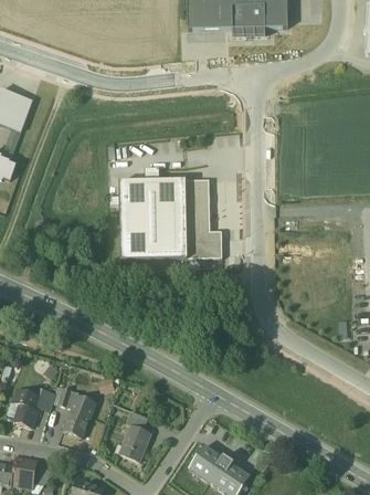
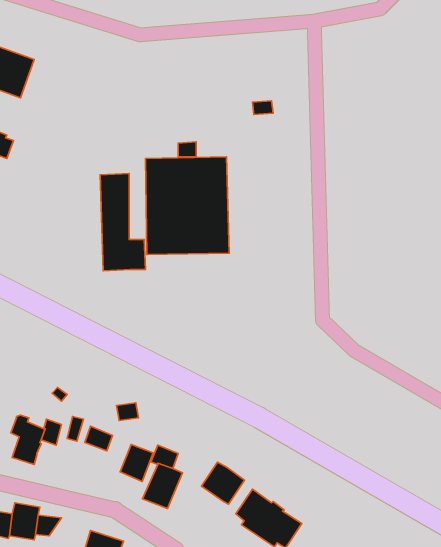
building: [187,177,223,255] -> [100,173,146,271]
building: [64,408,91,438] -> [120,444,153,482]
building: none -> [202,462,244,504]

